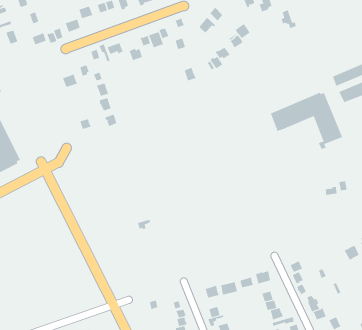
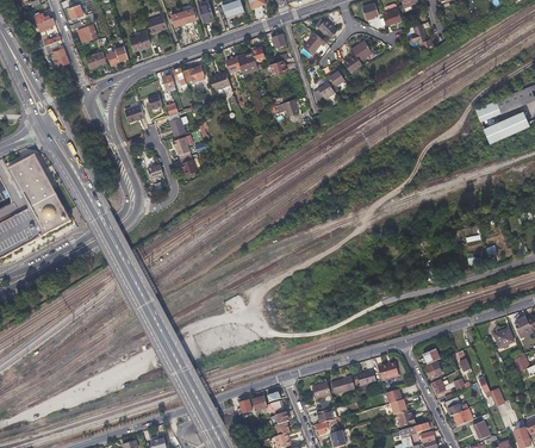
building: [270,92,343,150] -> none

